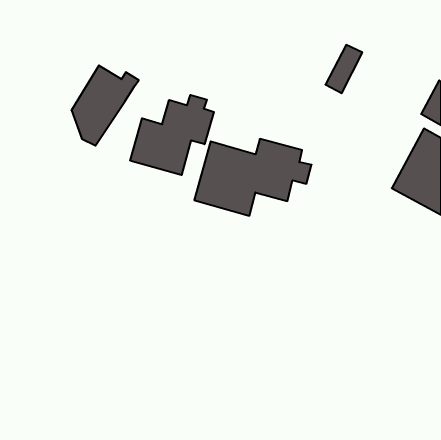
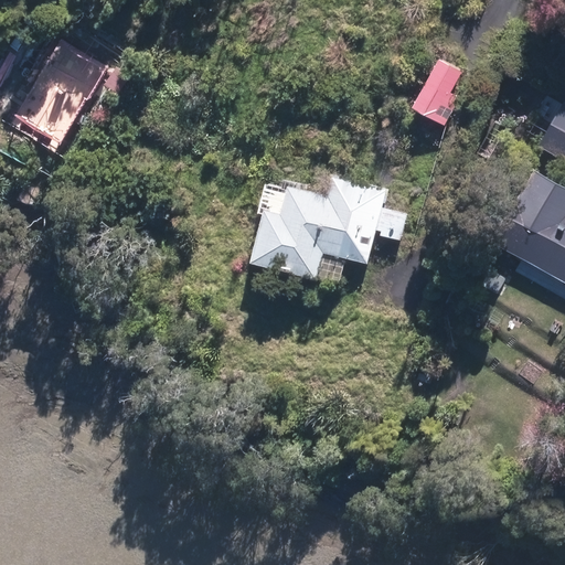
building: [71,65,139,146] -> [20,53,106,156]
building: [130,95,214,175] -> none

